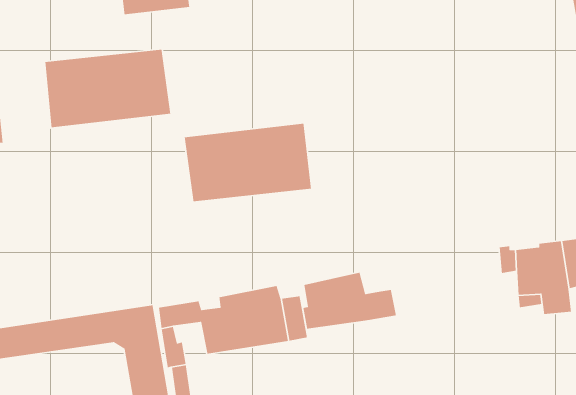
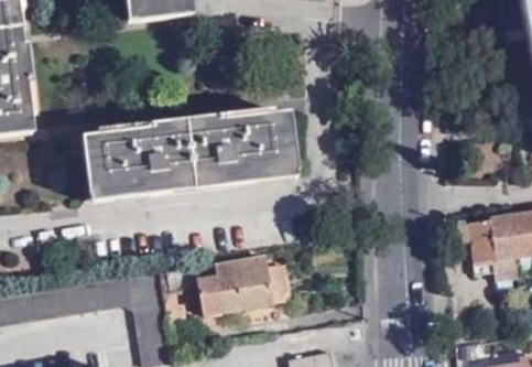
building: [44,49,171,128] -> [83,127,192,195]
building: [303,272,397,330] -> none

